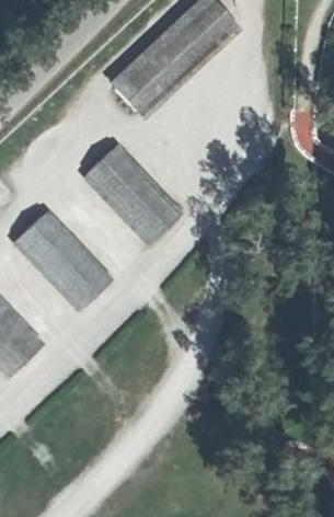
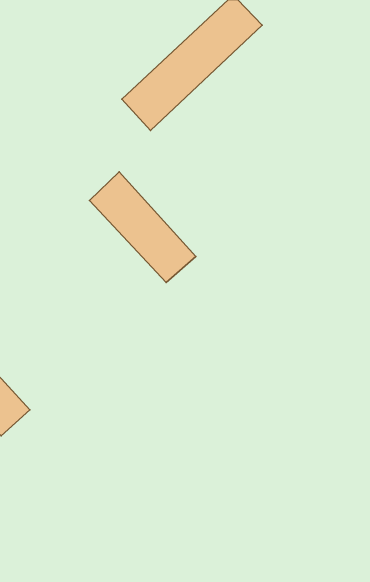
building: [20,212,108,305] -> none

